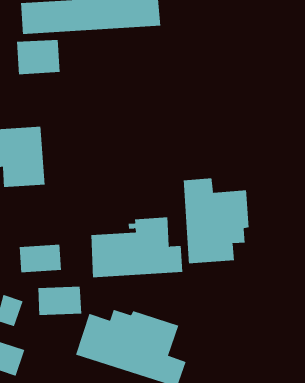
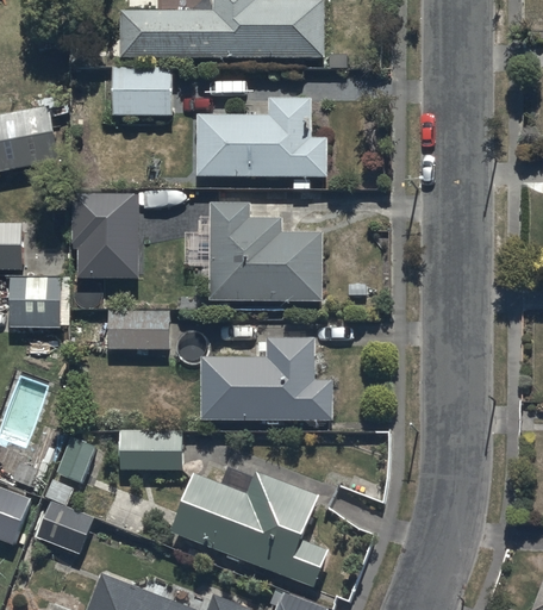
building: none -> [195,97,327,189]
building: none -> [208,203,323,301]
building: [183,178,249,264] -> none
building: [19,244,62,273] -> [107,312,168,350]

